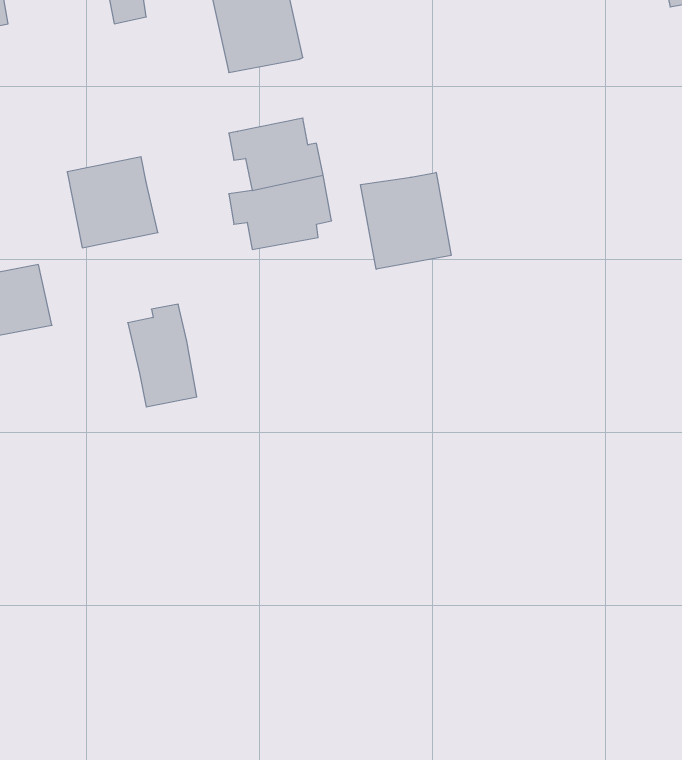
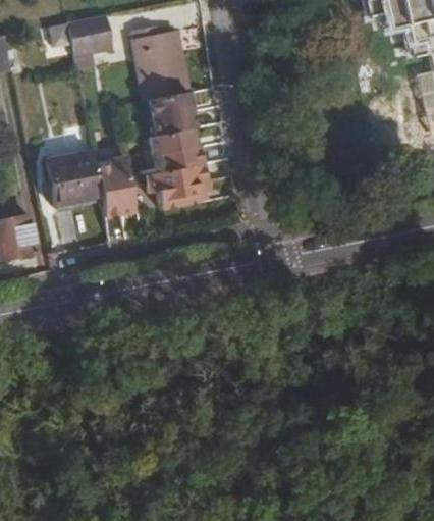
building: none -> [145,91,195,135]
building: [361,172,451,269] -> none
building: [128,304,197,407] -> [95,154,137,216]

